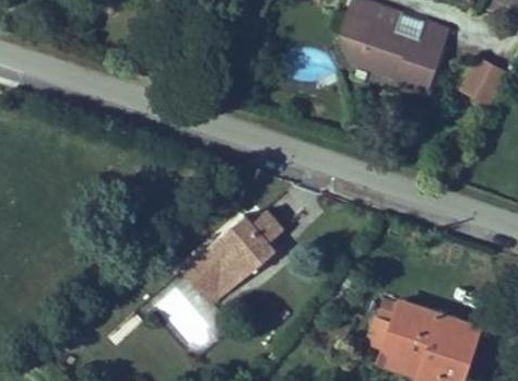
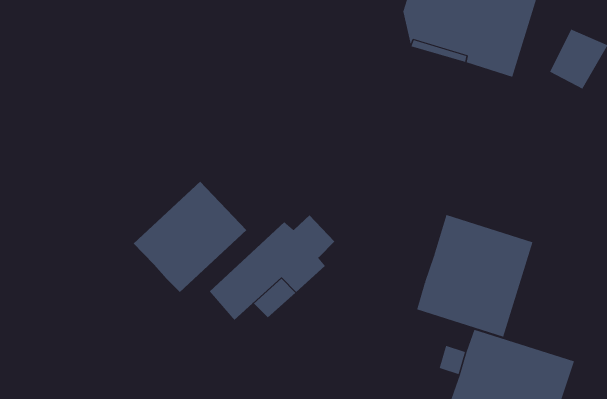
building: none -> [133,181,247,293]
building: none -> [417,214,533,337]

